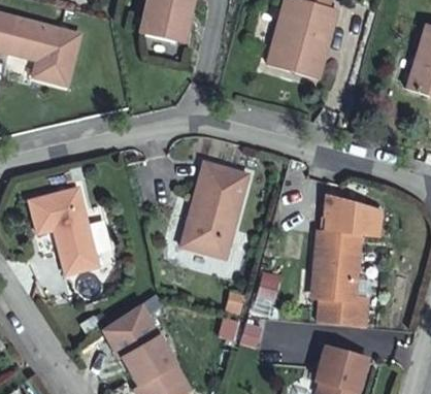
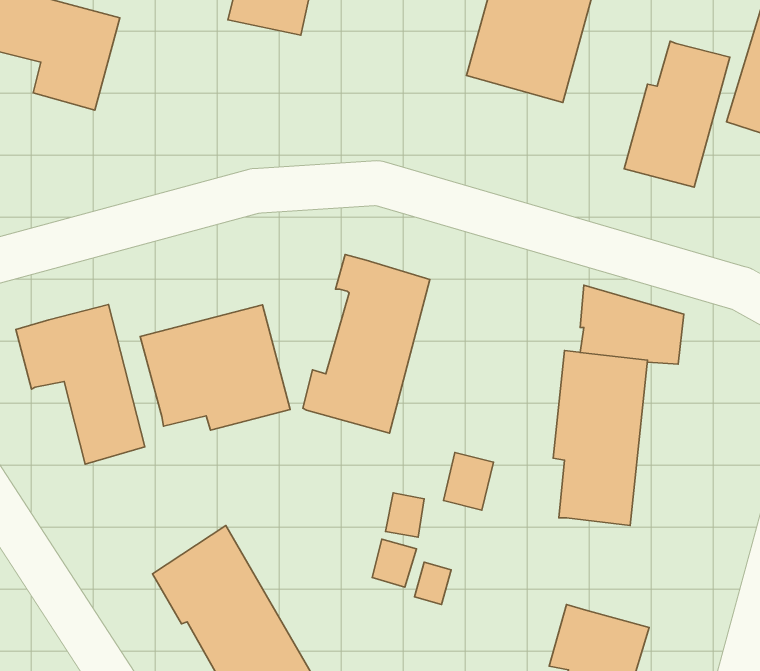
building: none -> [624,41,730,187]
building: none -> [140,305,290,430]
building: [319,296,370,328] -> none

